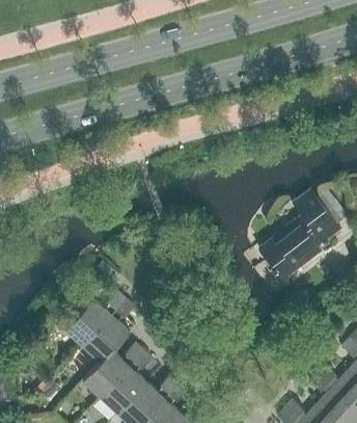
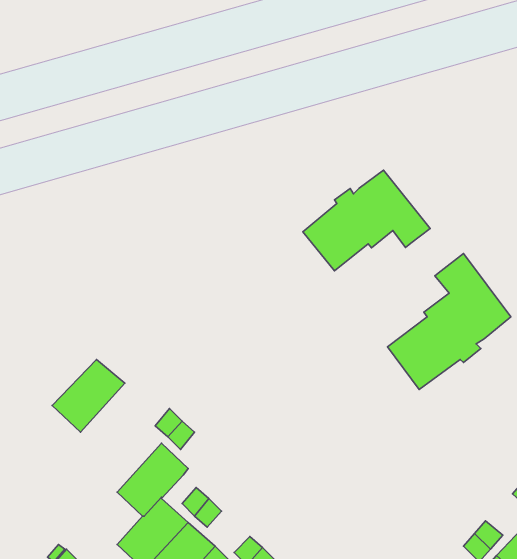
building: none -> [303,170,430,271]
building: [64,298,112,346] -> [52,360,125,432]

